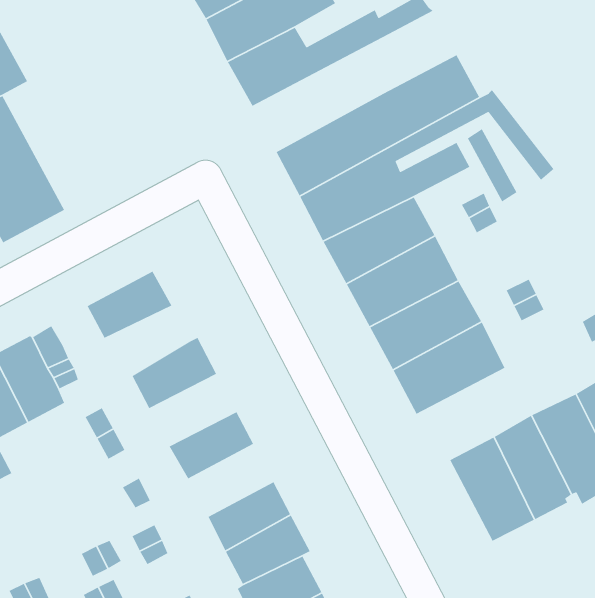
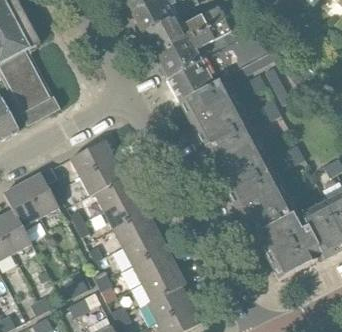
building: none -> [155,18,231,78]
building: none -> [79,157,123,195]
building: none -> [239,189,298,236]
building: none -> [102,192,147,229]
building: none -> [122,228,166,265]

